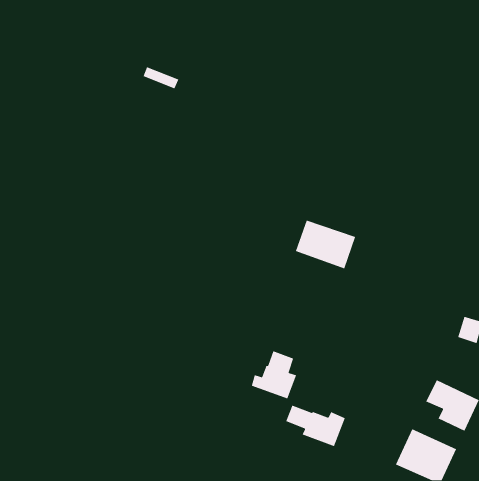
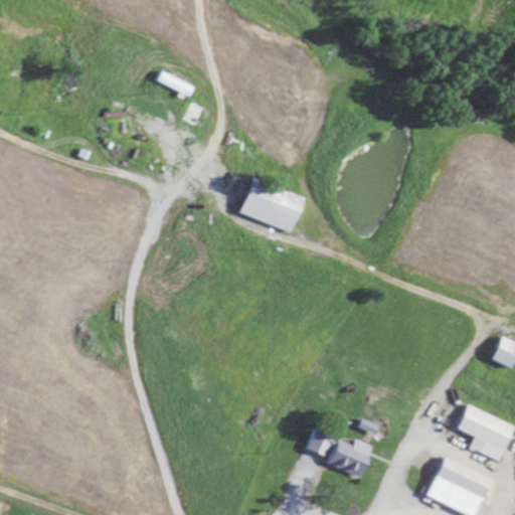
building: [295,220,356,270] -> [238,179,304,232]
building: [251,350,297,400] -> none

